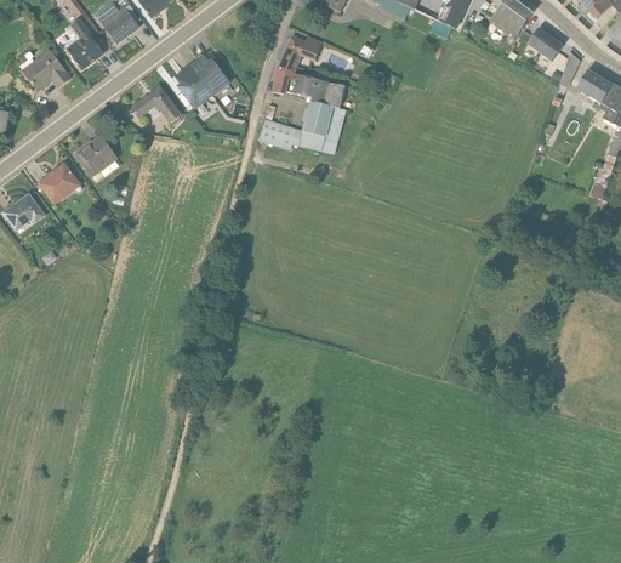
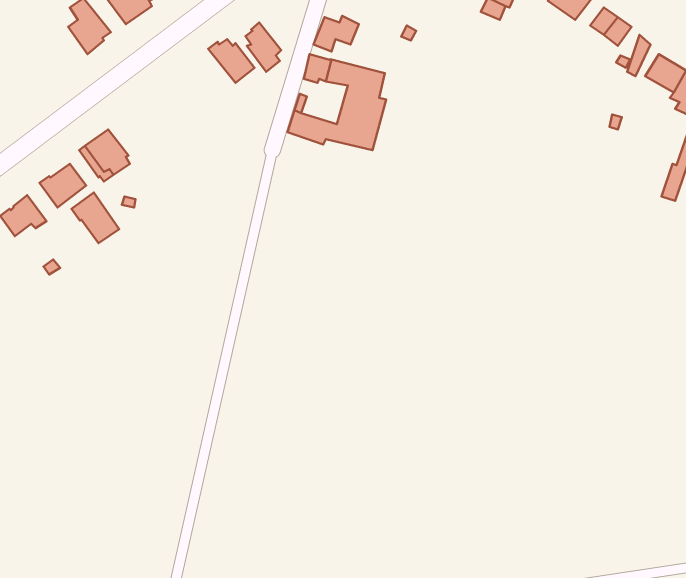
building: [21,46,70,90] -> none
building: [176,63,207,107] -> [246,23,281,72]
building: [131,85,181,121] -> none
building: none -> [71,192,119,243]

